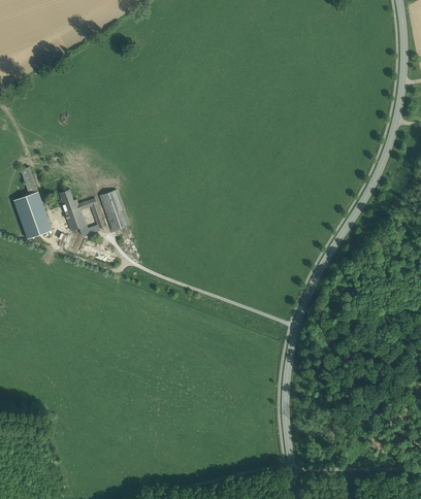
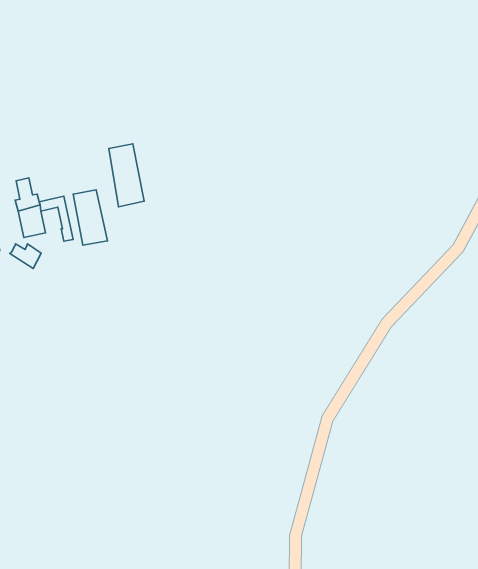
building: none -> [109,144,144,207]

